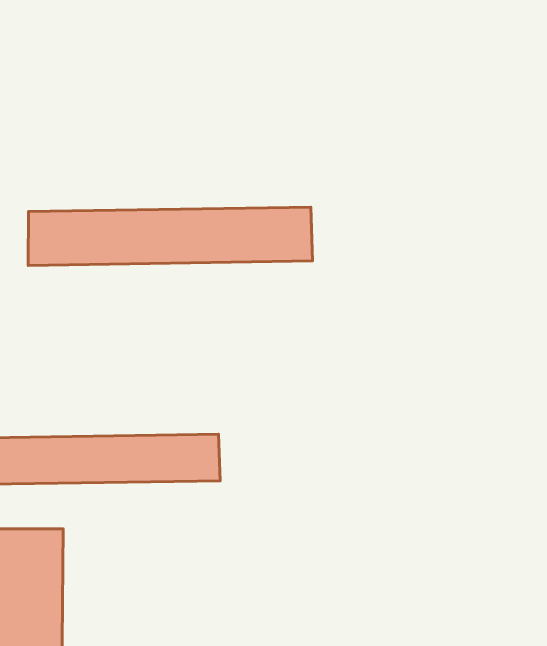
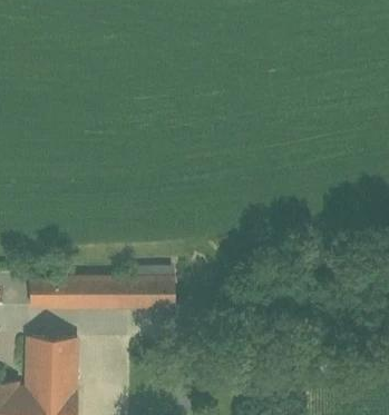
building: [28,207,313,265] -> none

